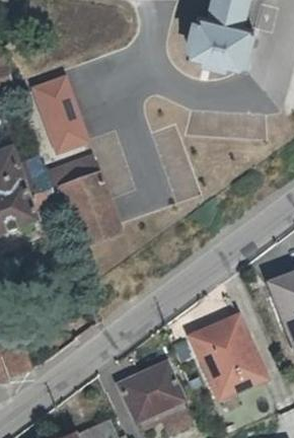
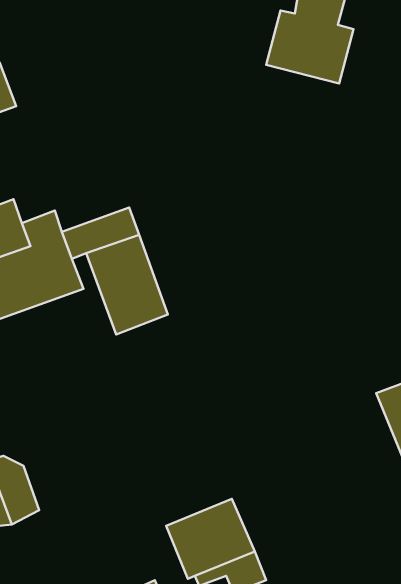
building: [31,72,92,151] -> none
building: [189,319,260,397] -> none

